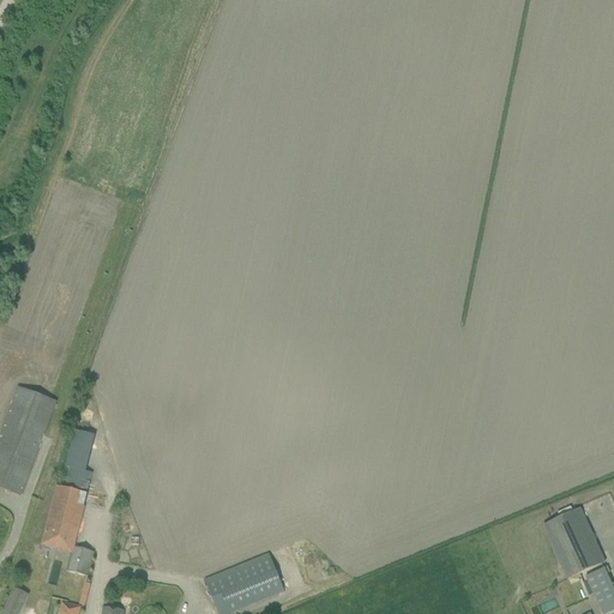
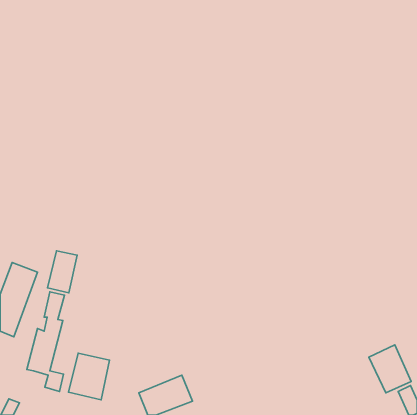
building: none -> [47,251,77,293]
building: none -> [68,353,110,400]

